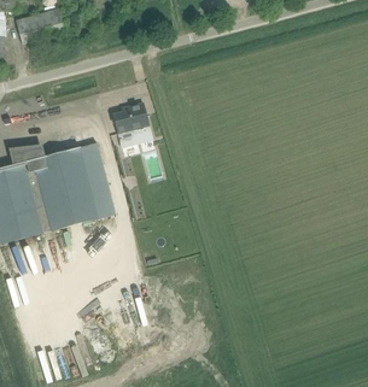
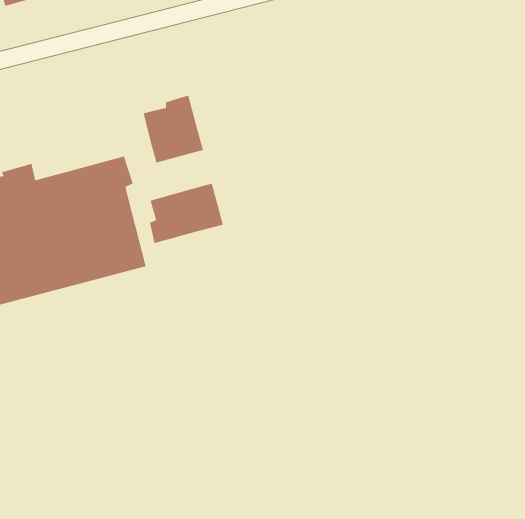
building: none -> [149,183,224,244]

